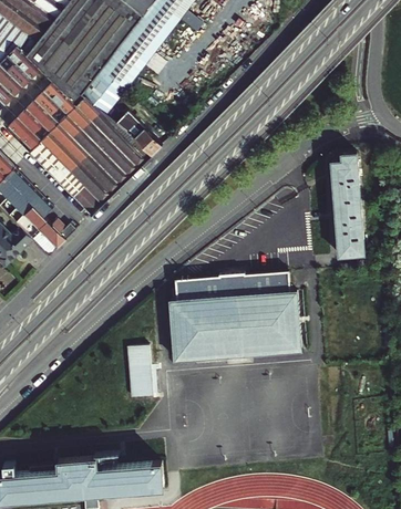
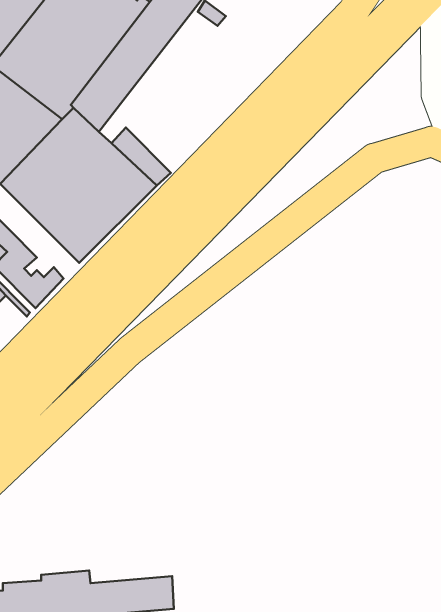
building: [330,153,363,256] -> none
building: [171,271,302,361] -> none
building: [128,349,154,401] -> none

